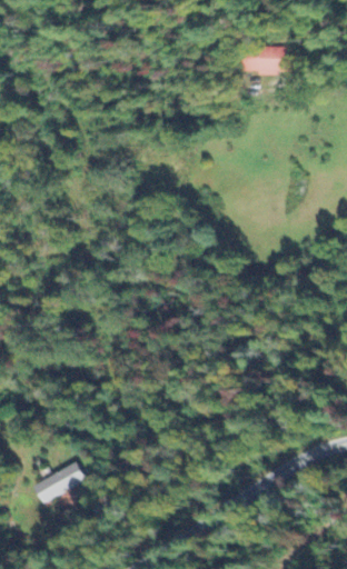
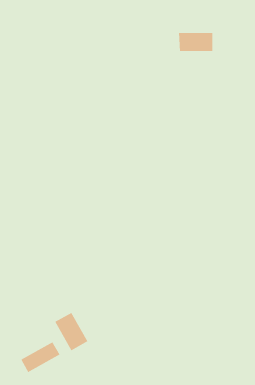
building: none -> [54,312,88,351]

